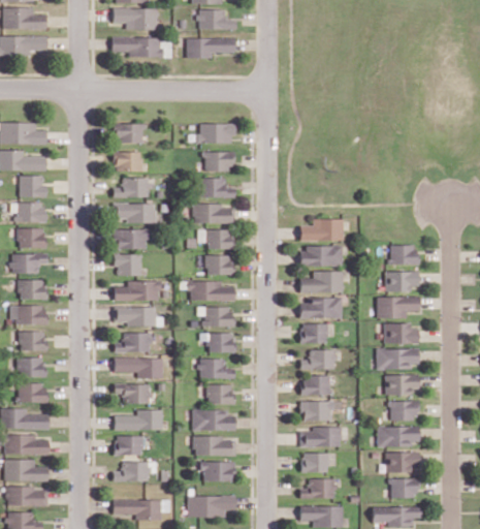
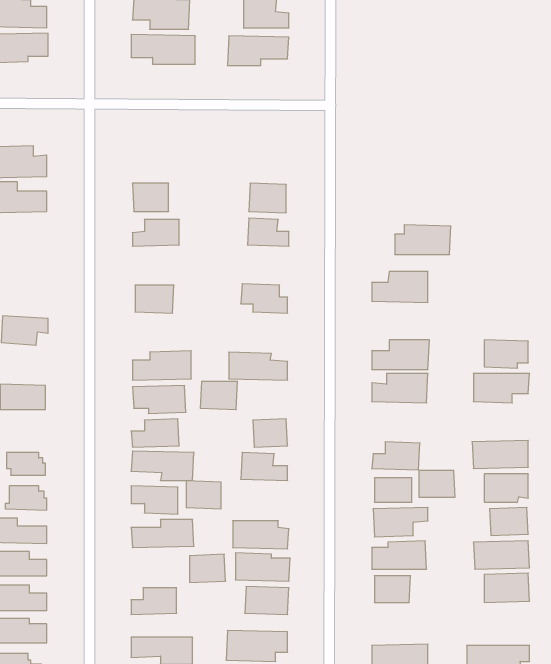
building: [196,122,234,145] -> none
building: [115,124,143,144] -> none
building: [20,175,46,198] -> none
building: [193,200,234,224] -> none
building: [18,203,45,223] -> none
building: [117,203,155,224] -> none
building: [20,227,46,249] -> none
building: [388,244,417,266] -> none
building: [298,245,342,268] -> [395,225,451,254]
building: [205,253,232,276] -> none
building: [115,254,141,277] -> none
building: [20,279,47,301] -> none
building: [203,306,232,328] -> [200,381,238,410]
building: [384,322,419,344] -> none
building: [299,323,327,344] -> [419,470,455,497]
building: [19,332,47,349] -> none
building: [205,383,232,405] -> [186,481,221,509]
building: [114,435,141,457] -> [190,554,226,582]
building: [298,478,334,499] -> none
building: [390,478,418,499] -> none

